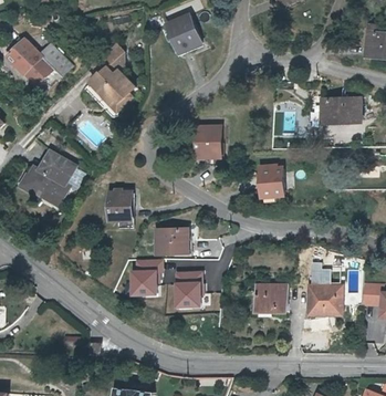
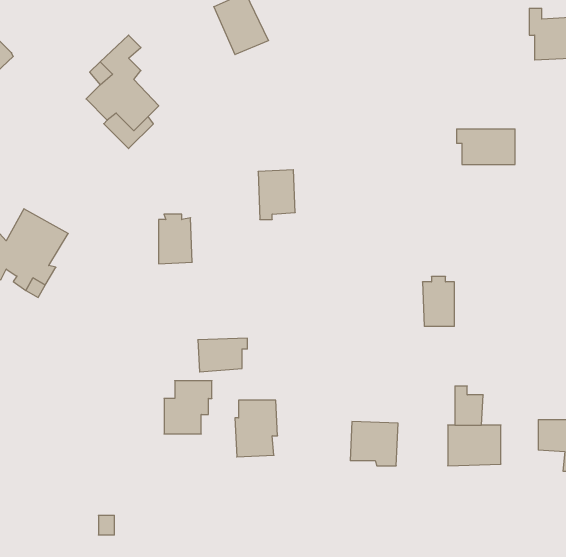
building: [38,44,70,75] -> none
building: [258,166,278,197] -> [422,277,454,326]
building: [105,189,126,220] -> [159,214,192,264]

